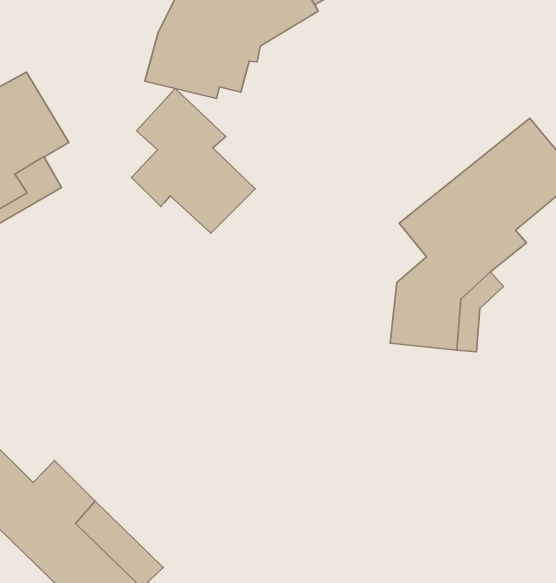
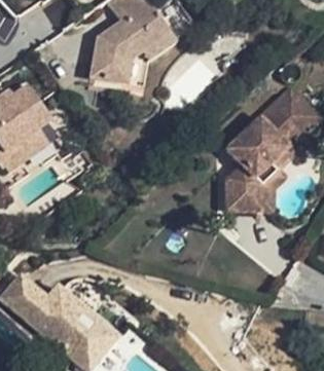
building: [132,88,255,233] -> none

